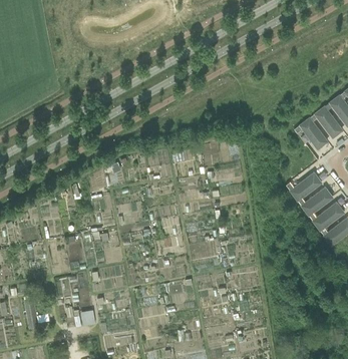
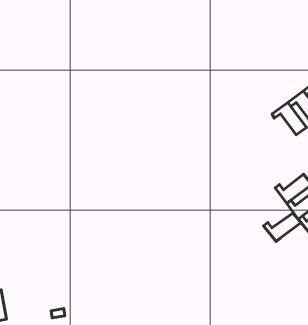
building: [285,172,321,200] -> [264,213,301,241]

